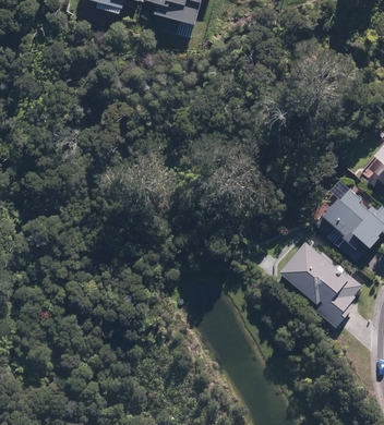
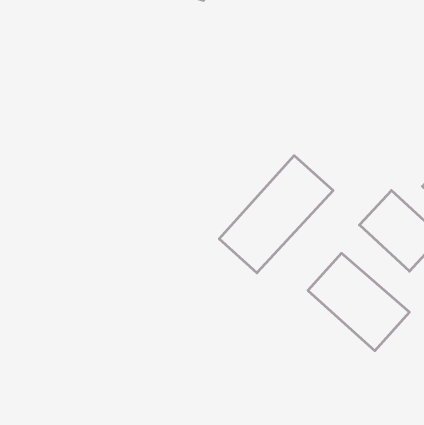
building: none -> [219,156,333,273]

